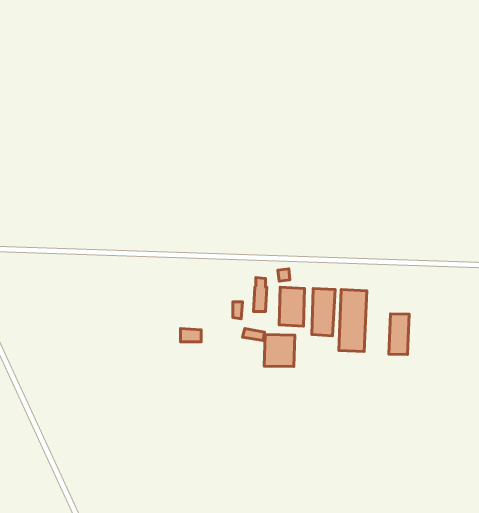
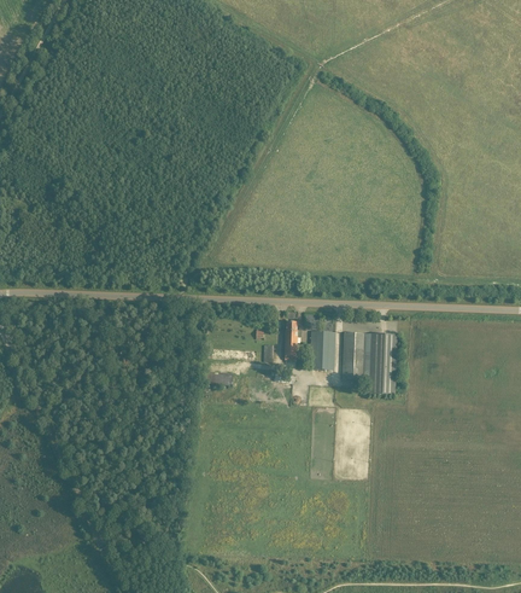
building: [389,314,409,354] -> none
building: [264,335,295,367] -> none

